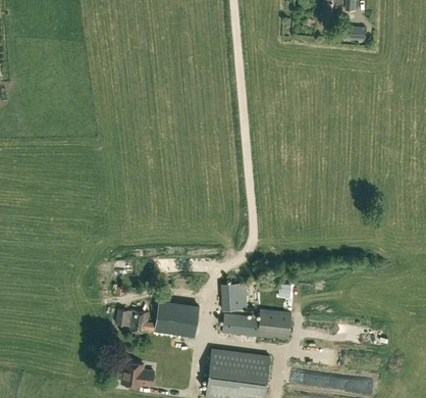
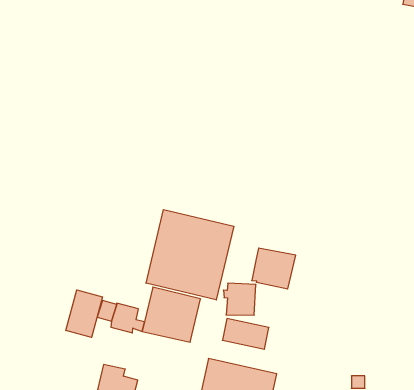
building: none -> [146,210,234,300]
building: none -> [66,290,102,337]
building: [257,309,291,341] -> [252,248,296,289]

